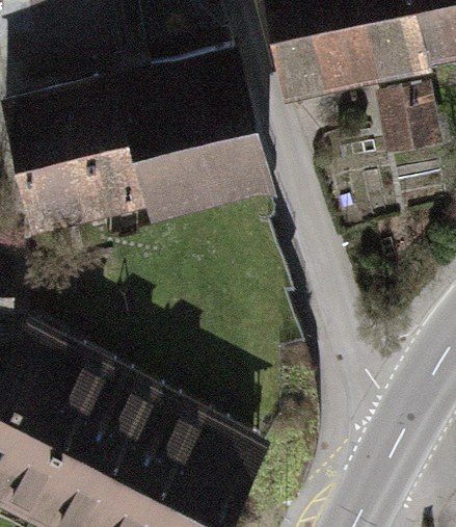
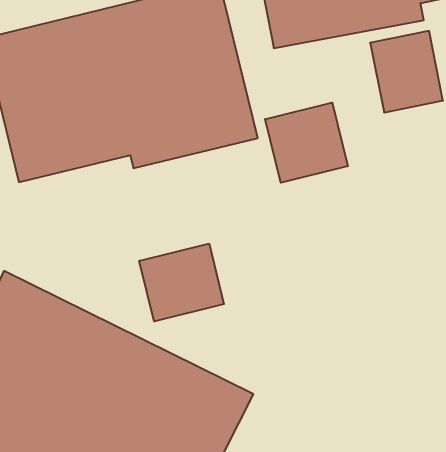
building: none -> [265,103,348,183]
building: none -> [139,244,224,321]

